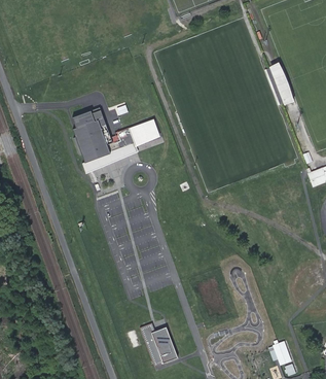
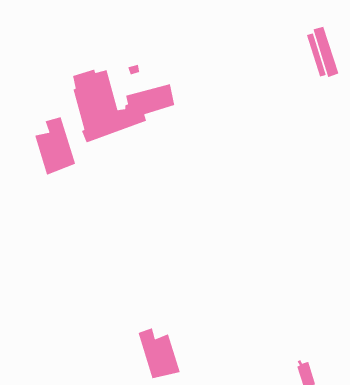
building: none -> [34,116,76,176]

